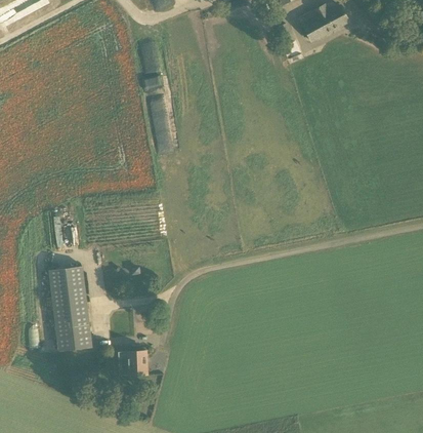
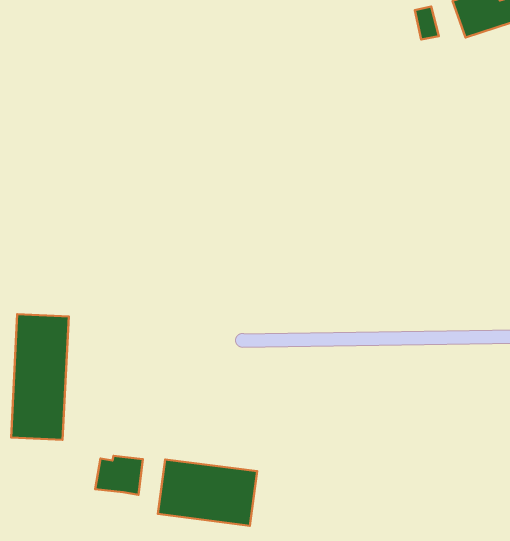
building: none -> [158,459,257,526]

